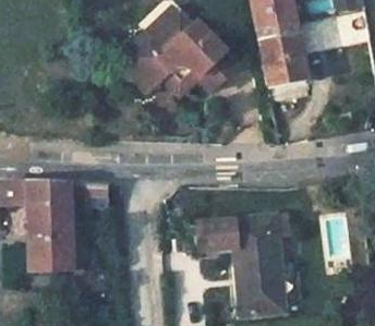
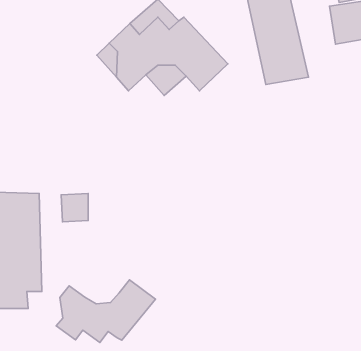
building: [199,215,290,316] -> none
building: none -> [56,280,155,342]

